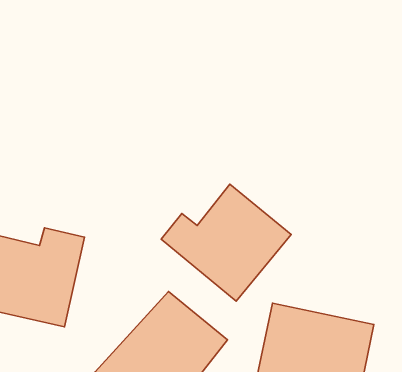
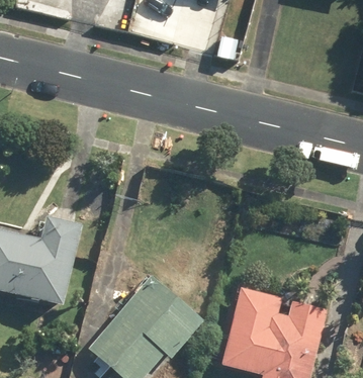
building: [161,184,291,301] -> none

